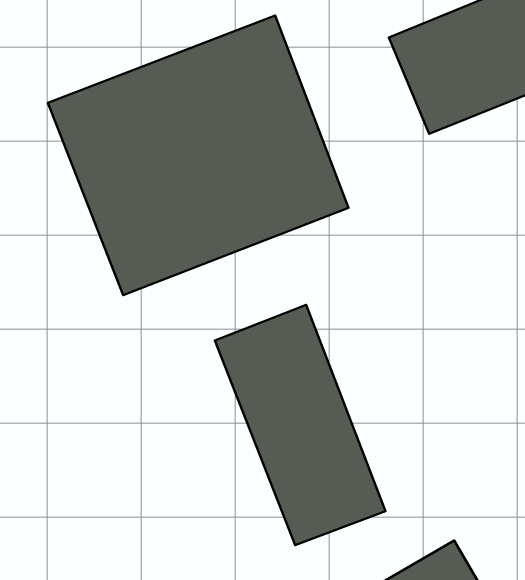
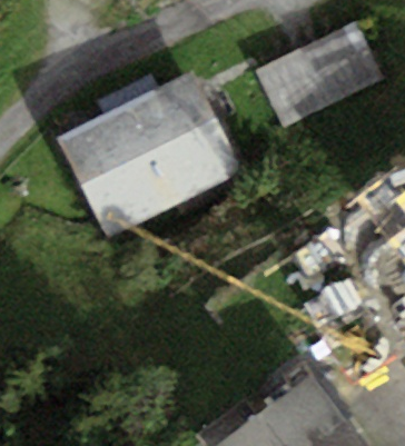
building: [215,305,385,545] -> none

